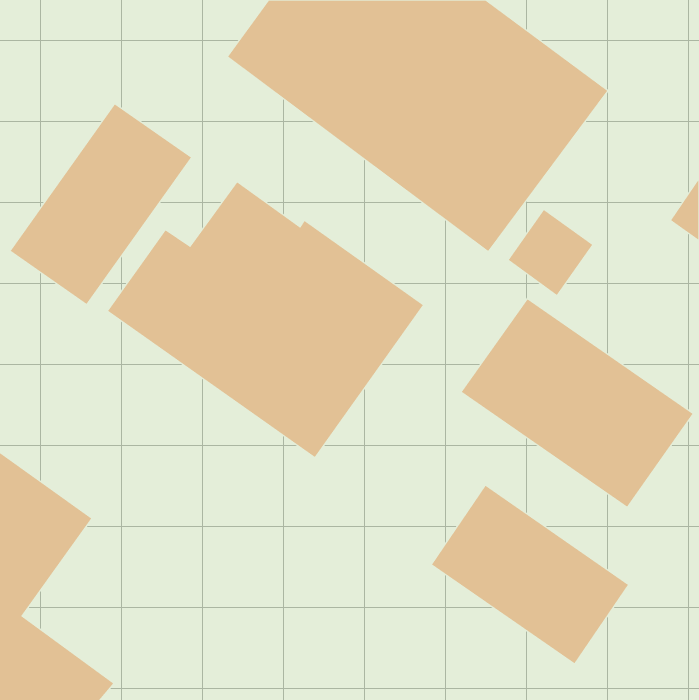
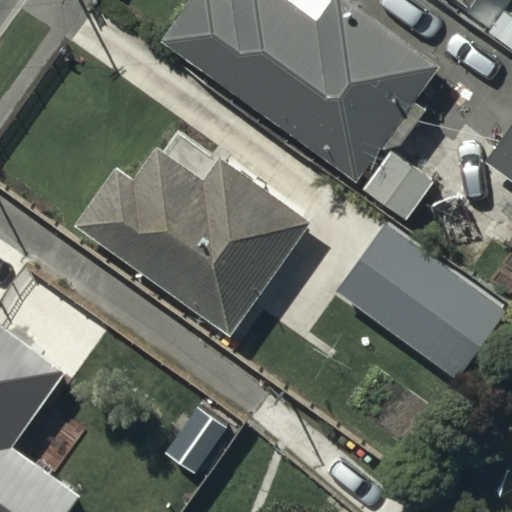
building: [10,103,192,305] -> none
building: [431,485,629,664] -> none

